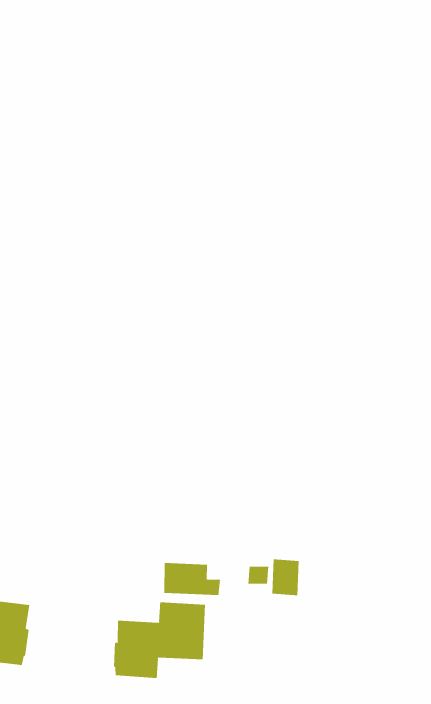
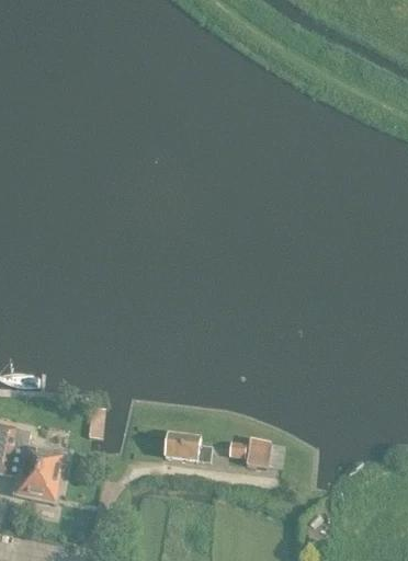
building: [114,602,205,679] -> none

